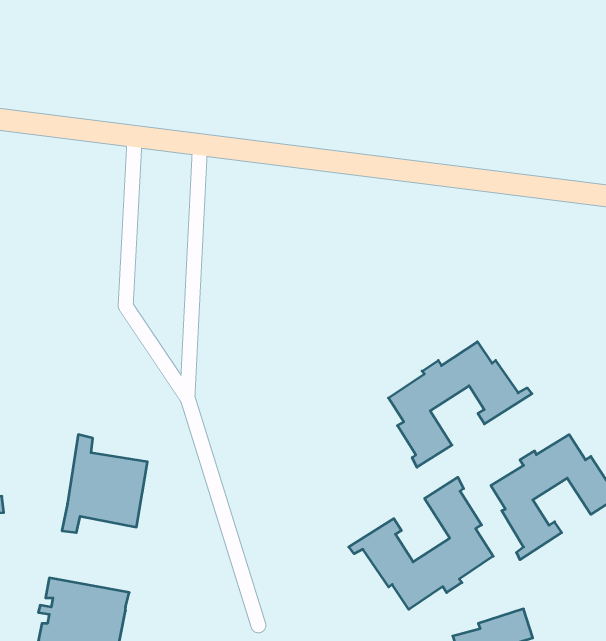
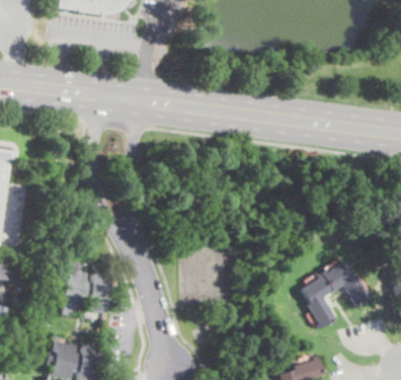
building: [388,342,532,467] -> none
building: [349,477,493,609] -> none

